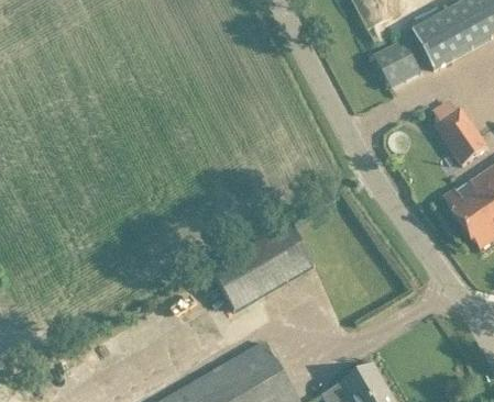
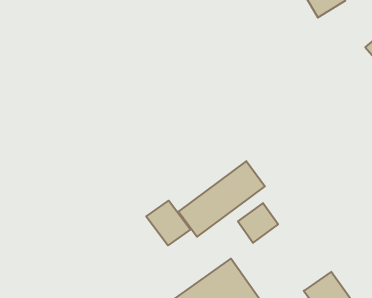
building: none -> [146,201,190,245]
building: none -> [238,203,278,243]

